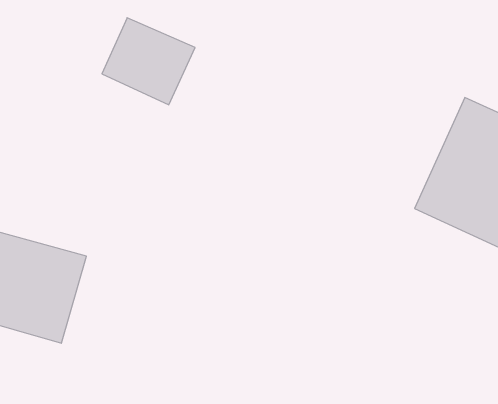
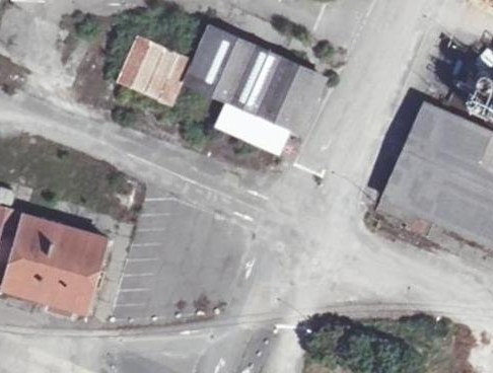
building: none -> [198,32,318,152]

